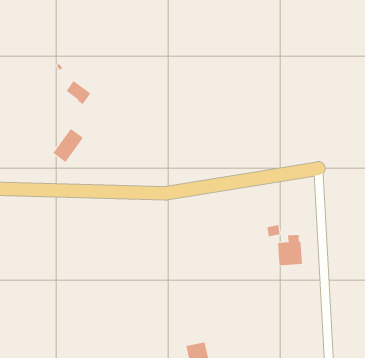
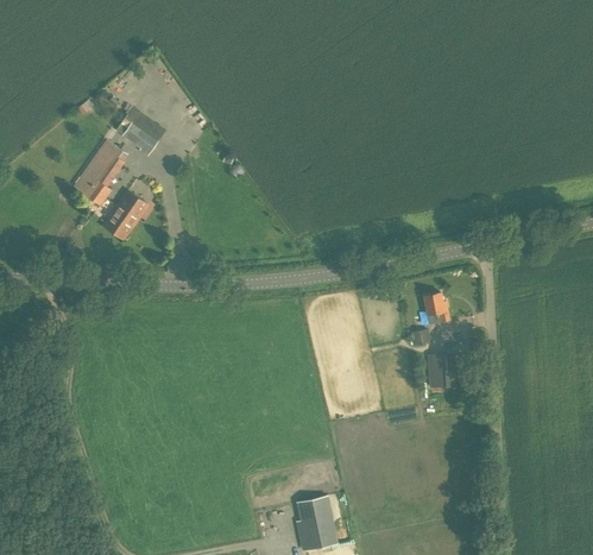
building: none -> [74,139,128,206]
building: none -> [423,291,449,323]

